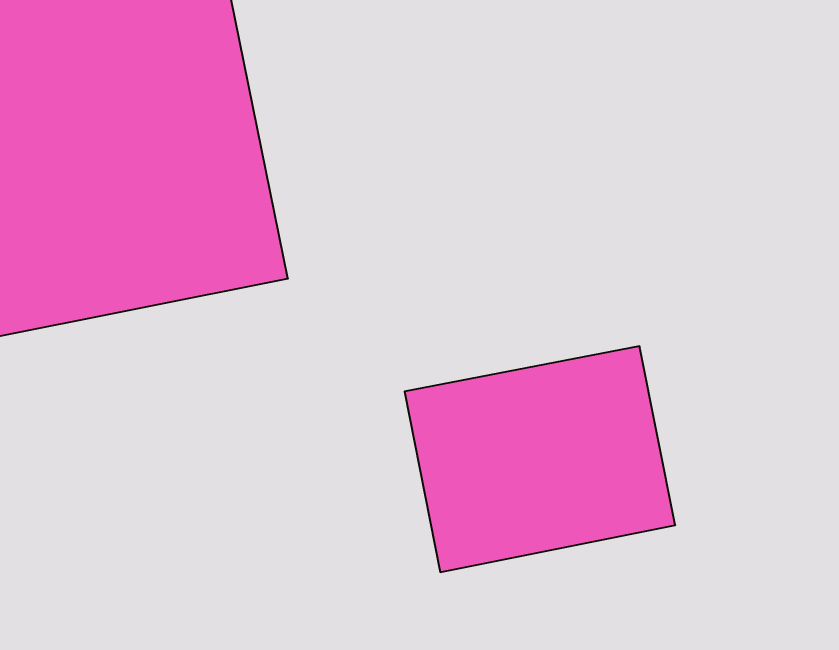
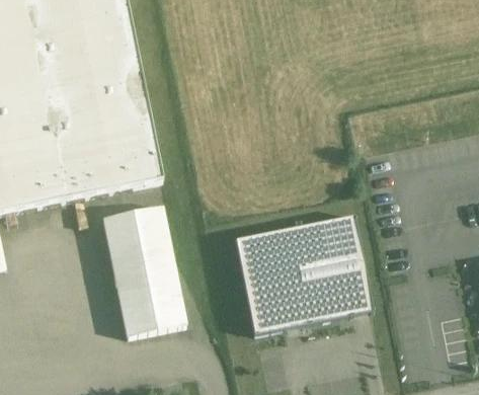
building: none -> [103,209,183,335]

